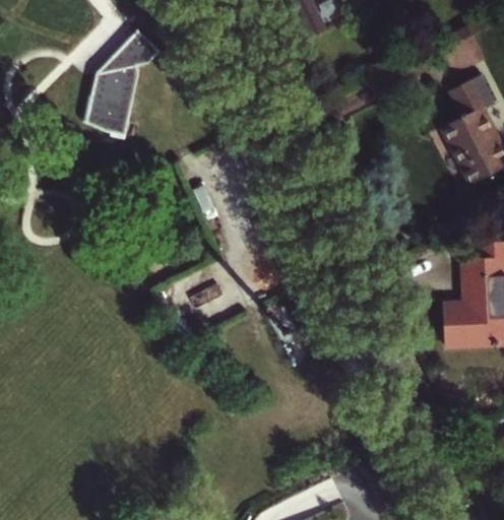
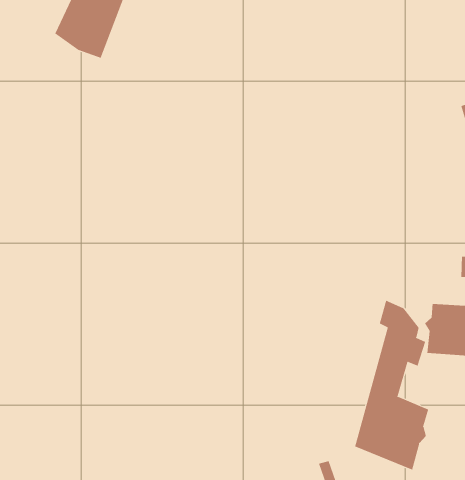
building: none -> [354,300,429,470]

